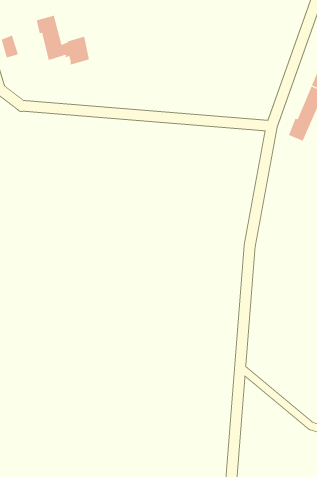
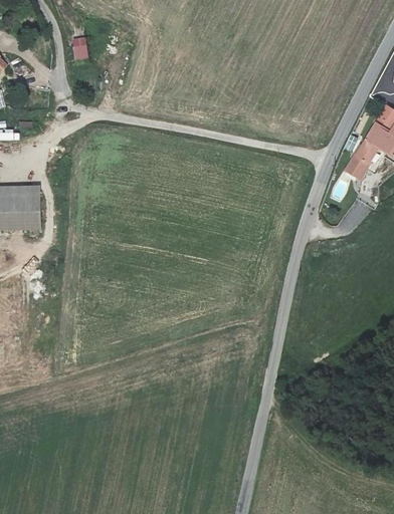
building: [36,15,89,66] -> none

